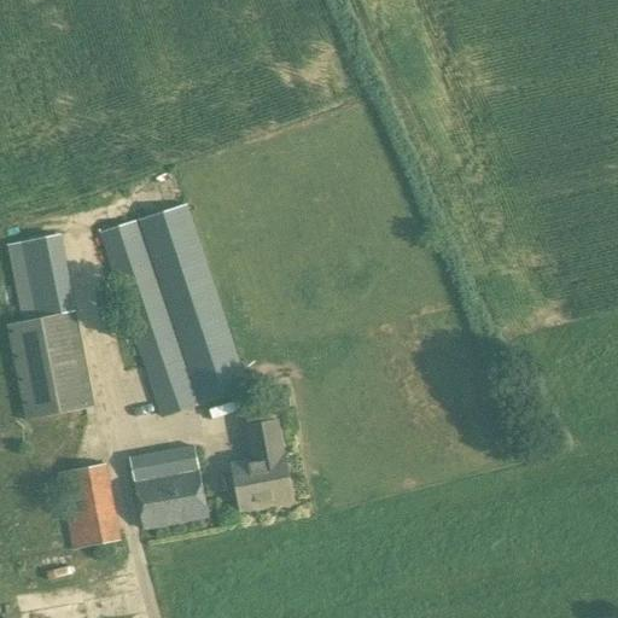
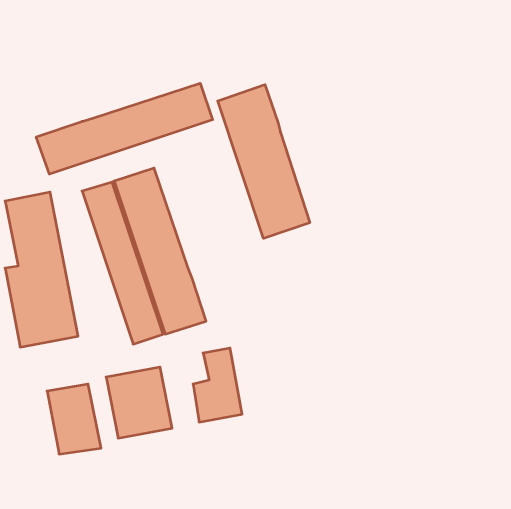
building: none -> [36,83,213,174]
building: none -> [218,85,310,238]

